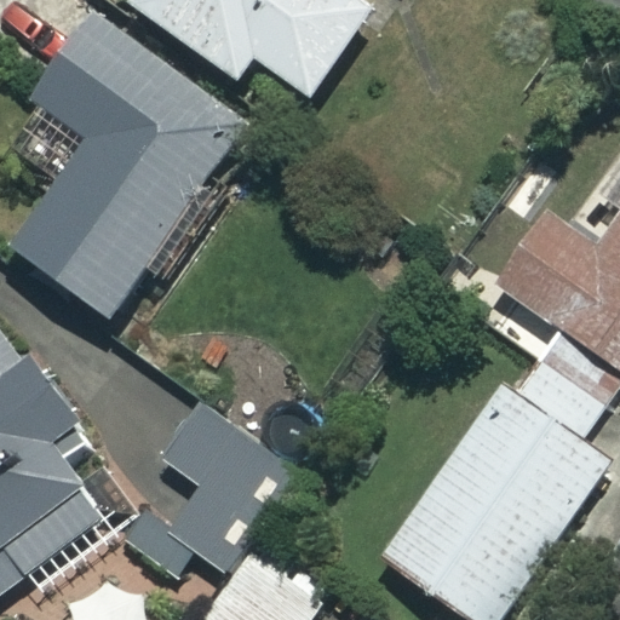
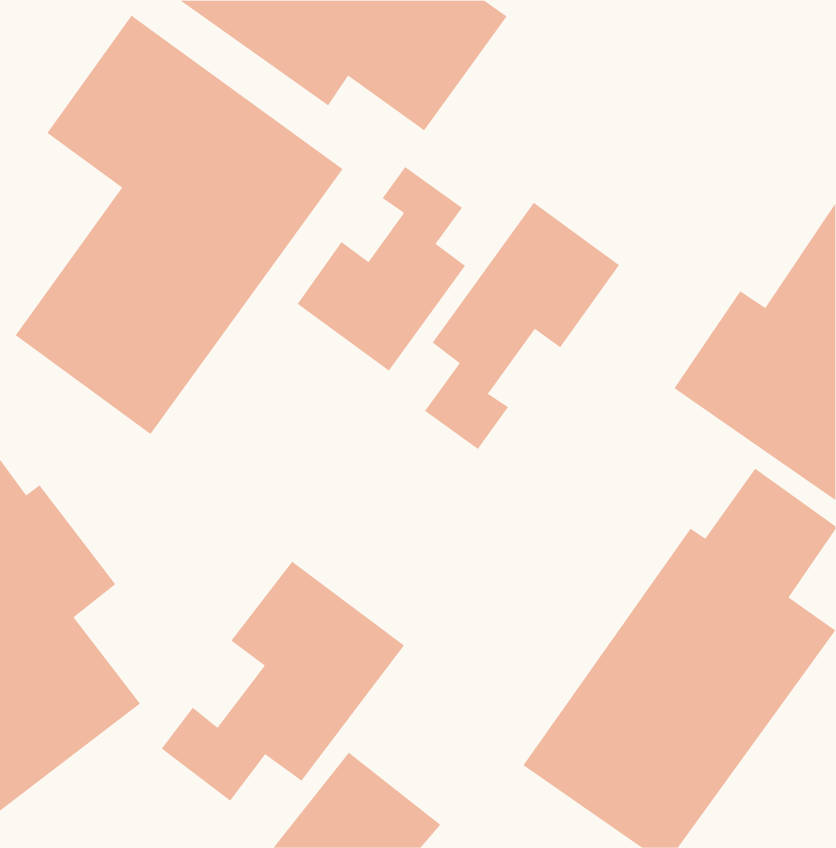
building: none -> [297,166,466,371]
building: none -> [424,202,620,450]

